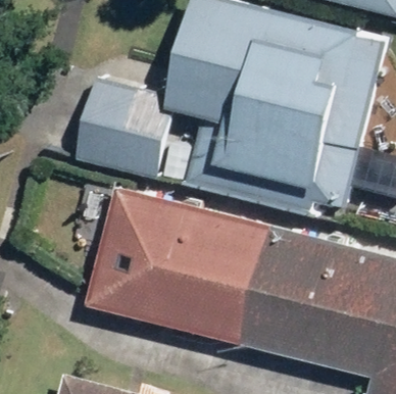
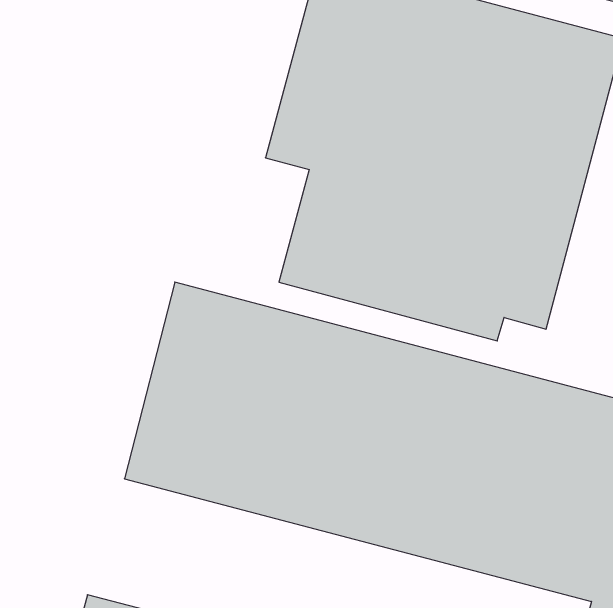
building: [68,75,176,180] -> none

